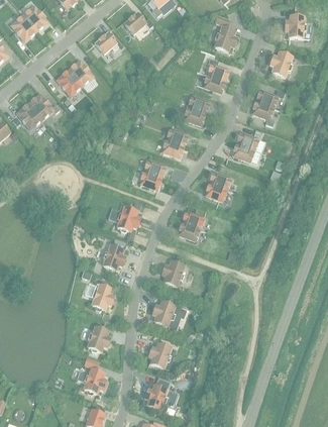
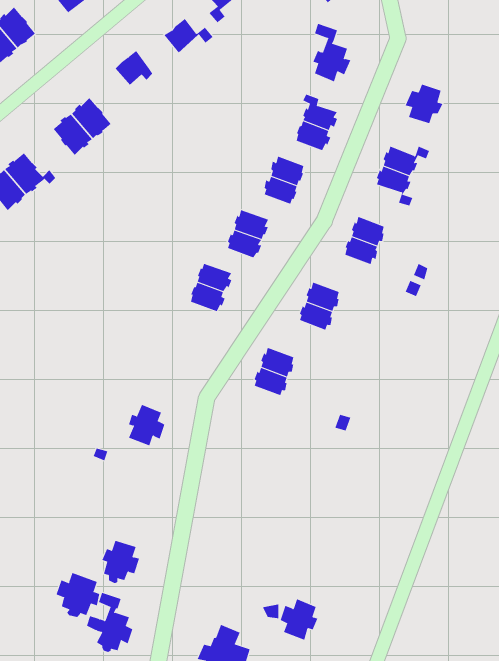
building: [285,15,306,37] -> none
building: [117,206,139,232] -> none
building: [161,260,184,286] -> none
building: [92,283,114,310] -> none
building: [152,301,186,325] -> none
building: [148,342,172,367] -> [280,598,318,640]
building: none -> [56,572,100,618]

